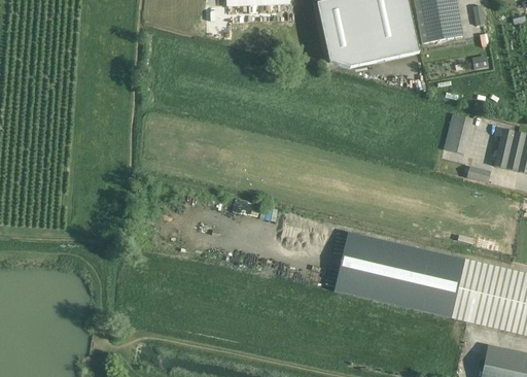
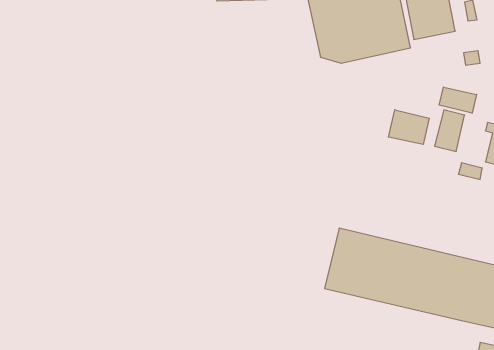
building: none -> [439,87,477,113]
building: none -> [388,110,429,144]

